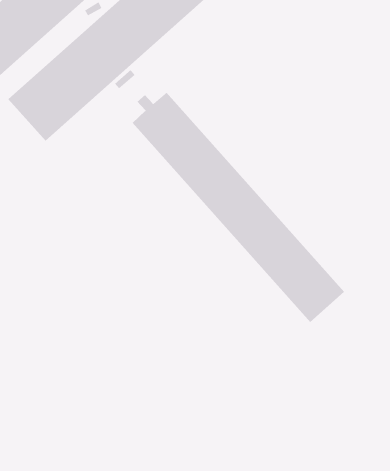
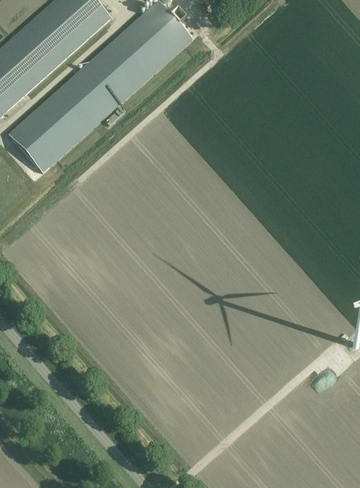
building: [132,92,345,323] -> none

